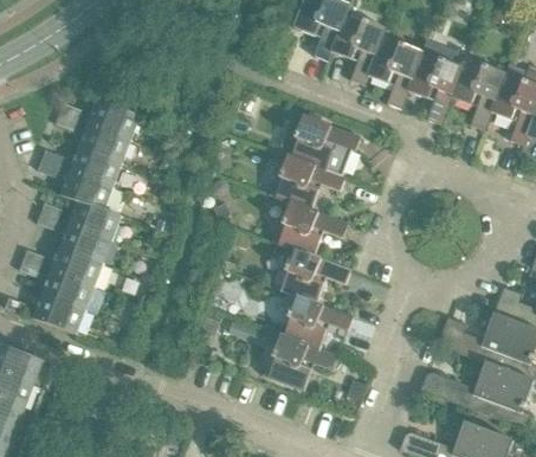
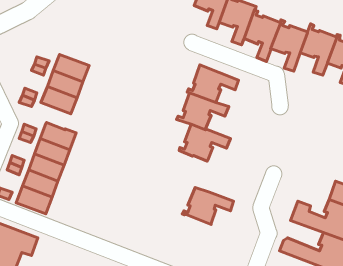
building: [59,169,112,210] -> none
building: [275,247,350,302] -> none
building: [261,334,338,390] -> none

